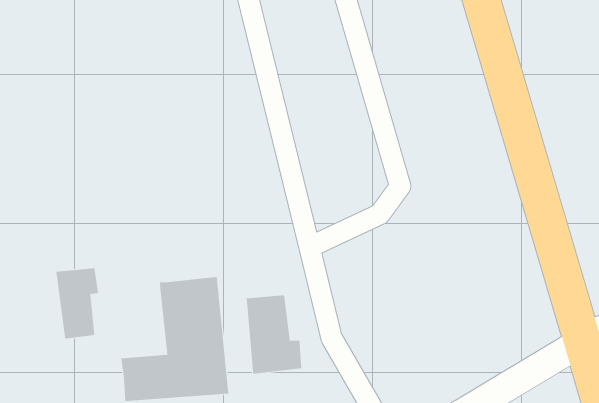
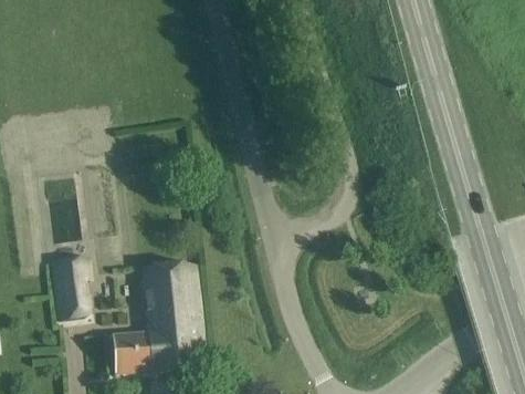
building: [246,294,302,375] -> none

